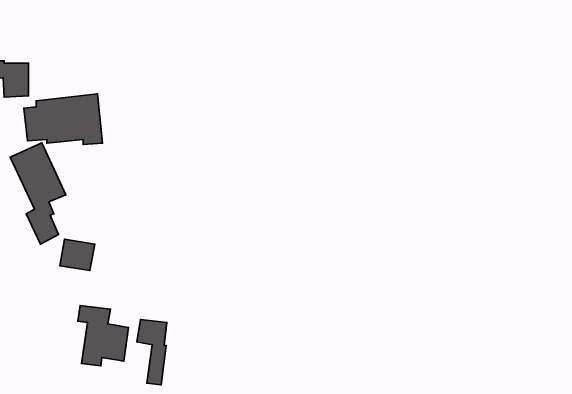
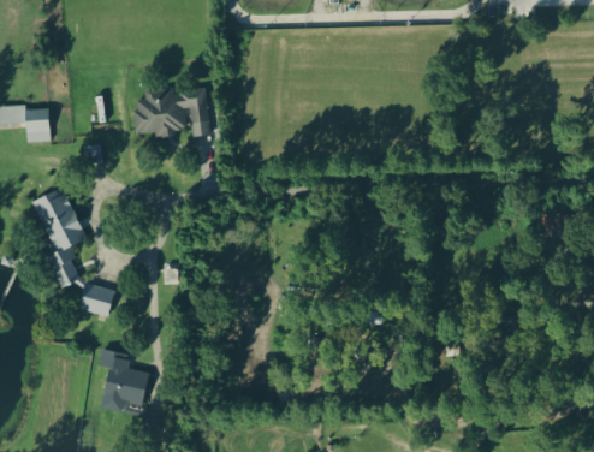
building: [24,94,102,144] -> [132,87,210,137]
building: [137,319,167,385] -> none

